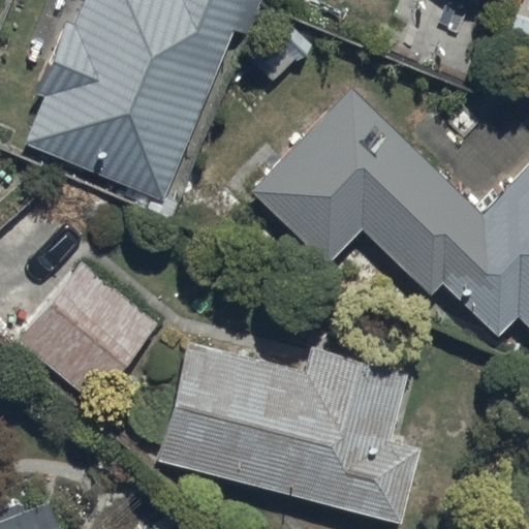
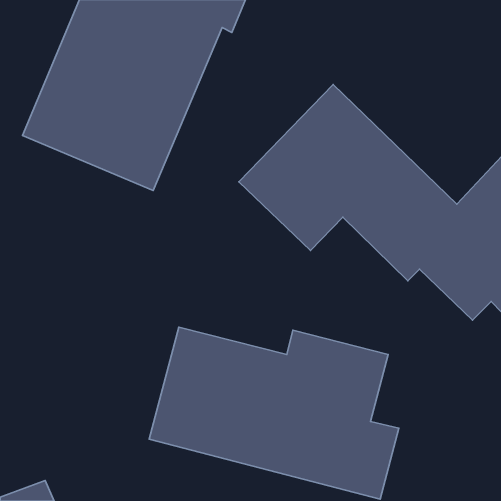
building: [19,262,157,402] -> none

